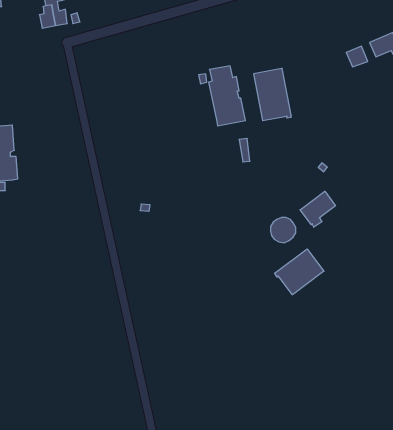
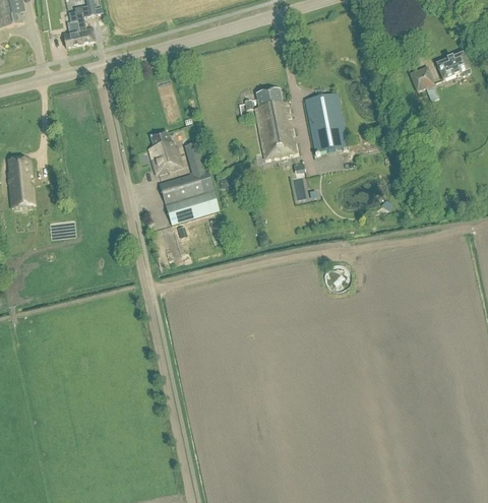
building: none -> [147,129,182,174]
building: none -> [159,139,219,223]
building: [300,191,335,227] -> none
building: [275,249,324,295] -> none

